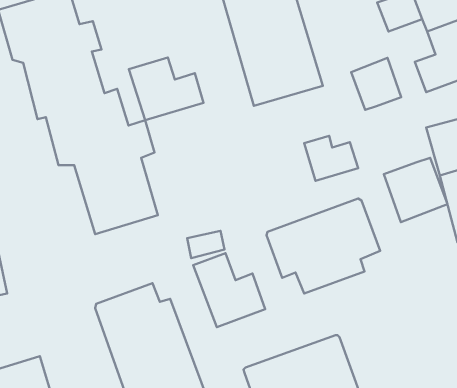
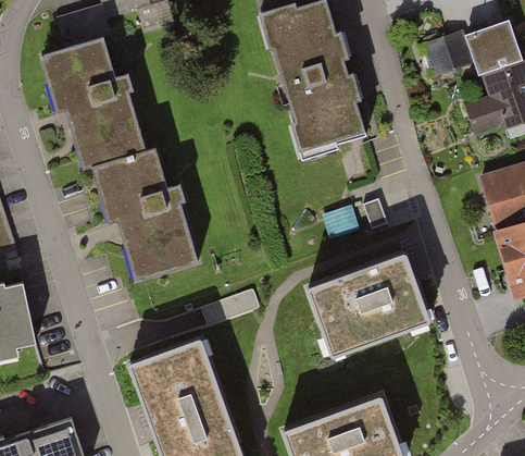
building: [129,57,204,120] -> none
building: [351,58,401,110] -> none
building: [384,158,447,222] -> none
building: [193,253,265,327] -> none

